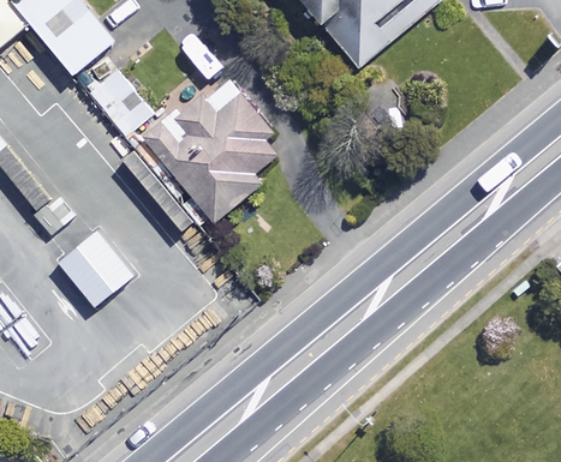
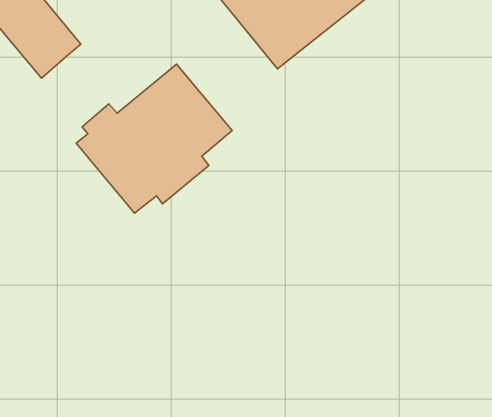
building: [89,67,159,142] -> none
building: [61,232,135,305] -> none

